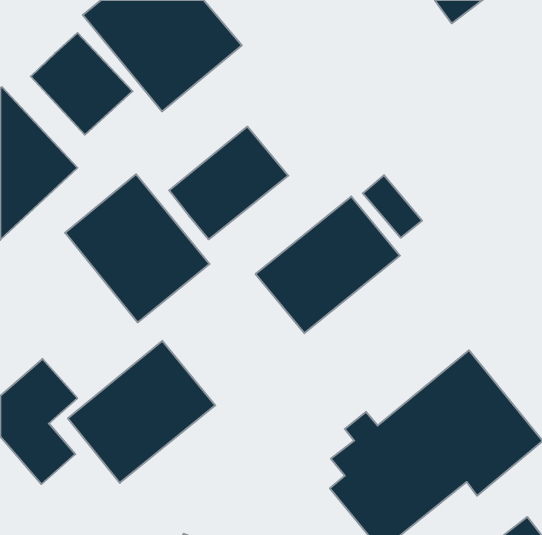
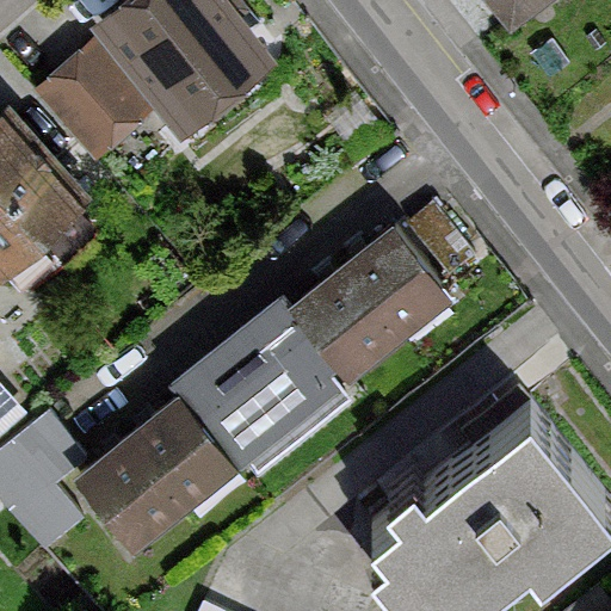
building: [169,127,288,239] -> none
building: [65,174,210,322] -> none
building: none -> [175,302,356,481]

